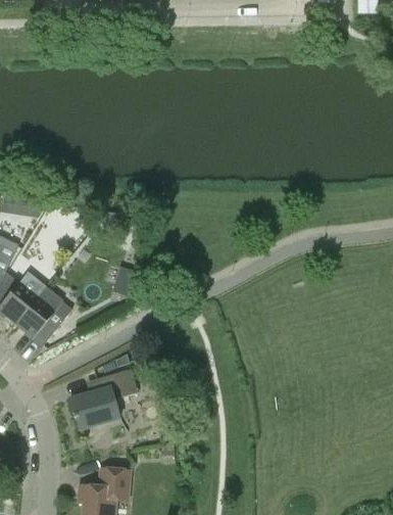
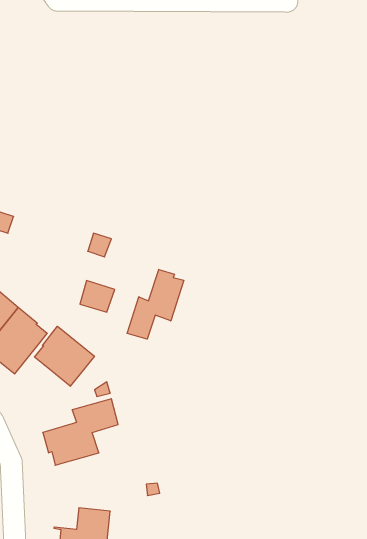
building: none -> [127,269,184,339]
building: none -> [35,326,94,386]

